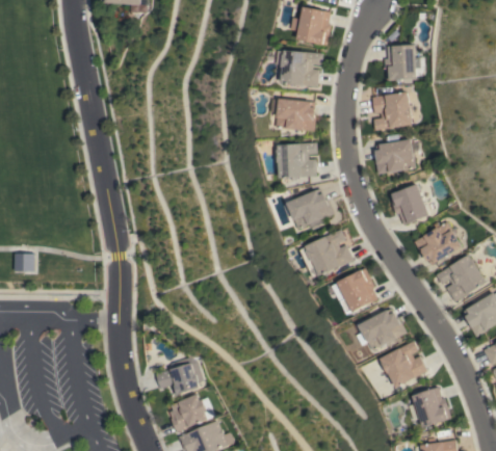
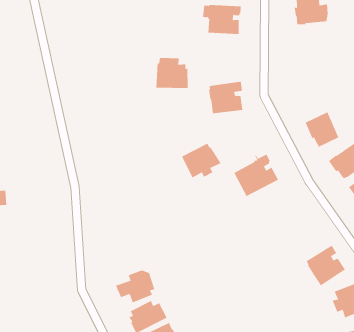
building: [372,91,412,131] -> none
building: [277,92,316,131] -> [156,58,188,89]
building: [374,139,416,175] -> none
building: [288,189,335,230] -> [181,143,221,178]
building: [338,268,378,313] -> none
building: [359,310,407,351] -> none

